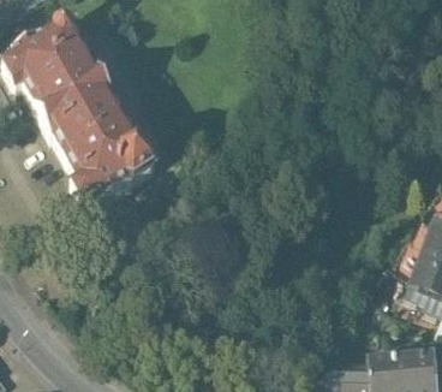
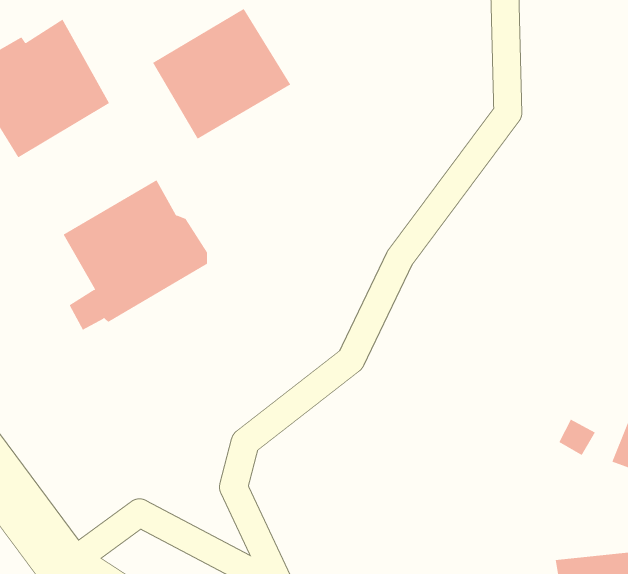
building: [38,78,124,159] -> [152,8,291,139]

